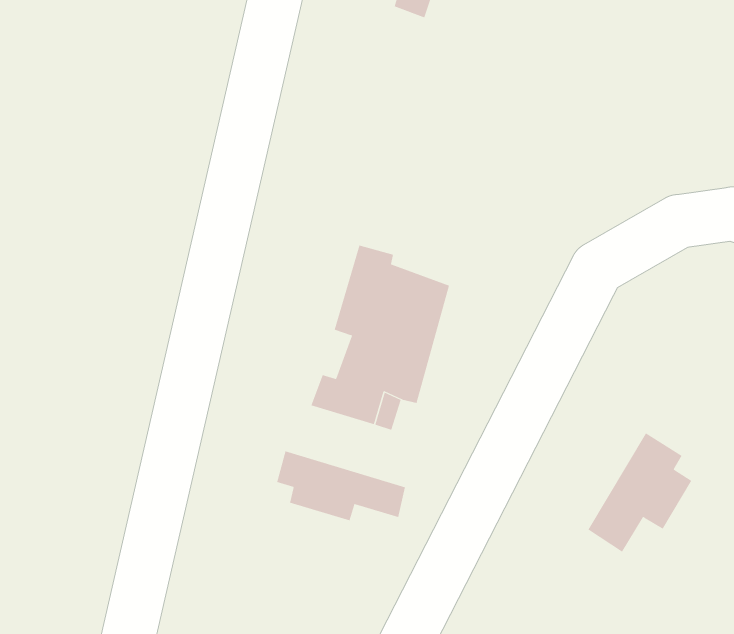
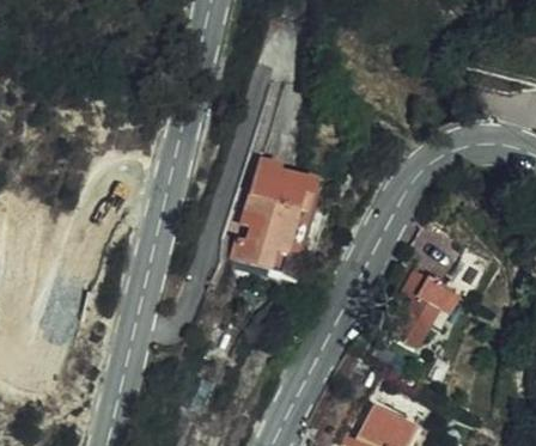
building: [277,451,405,521] -> none

